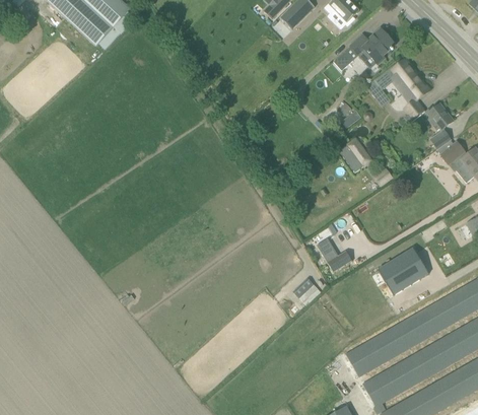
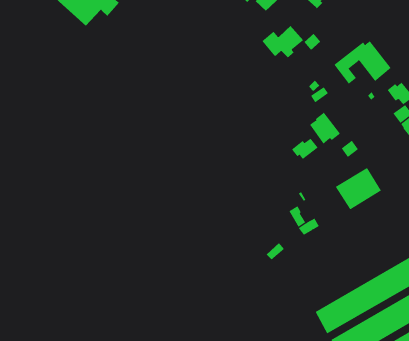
building: [349,27,395,63] -> [262,25,304,58]
building: none -> [291,138,319,160]
building: [378,247,428,293] -> [335,167,382,210]

